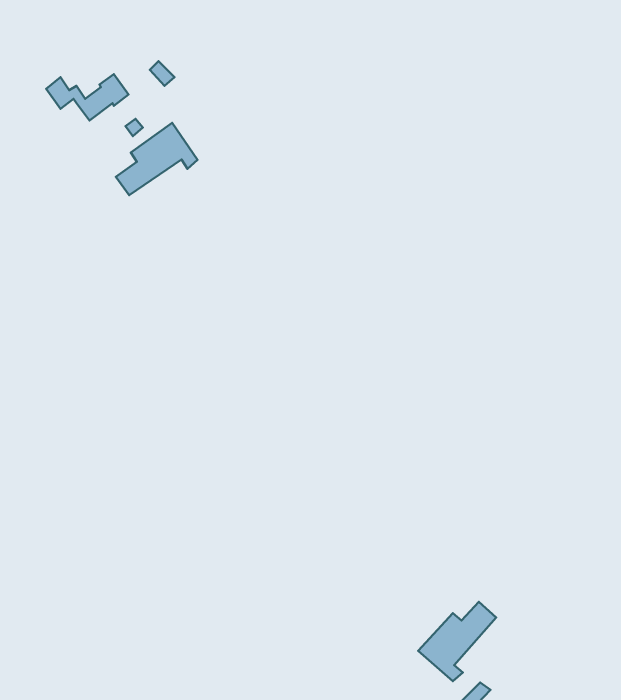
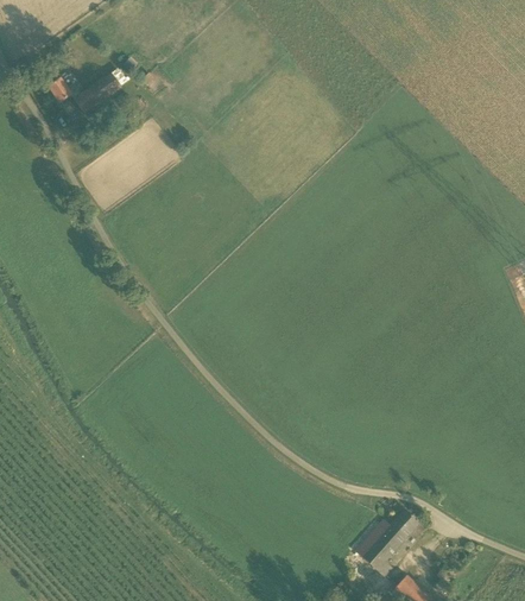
building: [116,123,197,195] -> none

